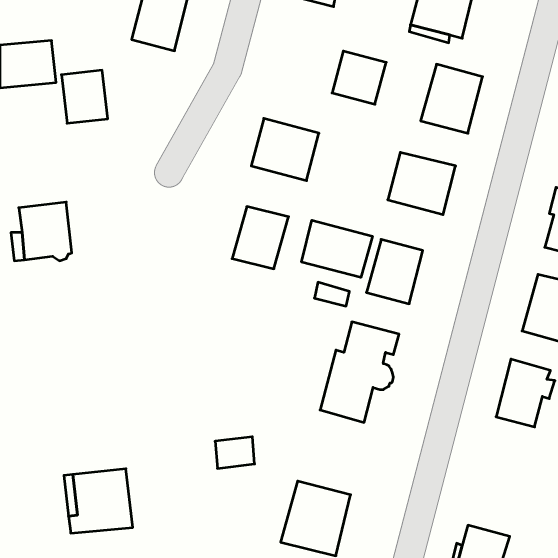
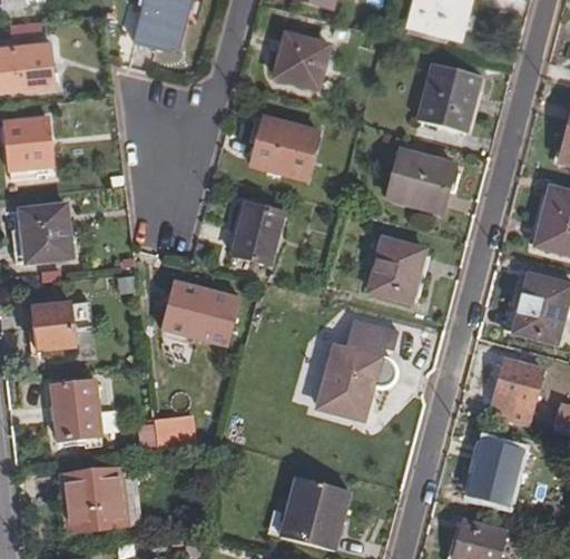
building: [332,51,386,104] -> [272,37,325,89]
building: [61,70,108,123] -> [7,117,52,169]
building: [302,220,372,277] -> none
building: none -> [157,283,239,350]
building: none -> [35,301,76,345]
building: none -> [52,377,101,434]
building: [215,437,255,468] -> [154,416,193,448]
building: none -> [471,438,523,502]

